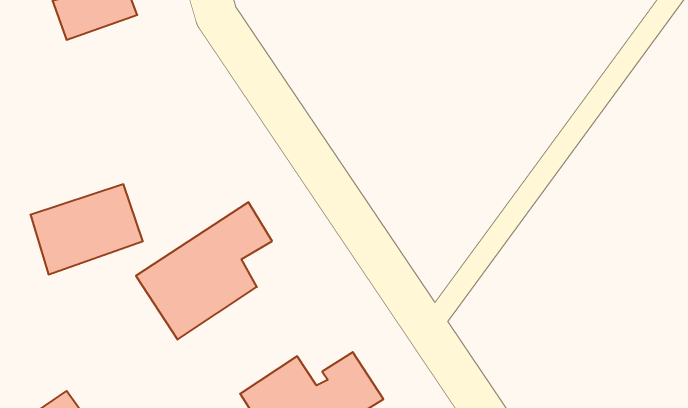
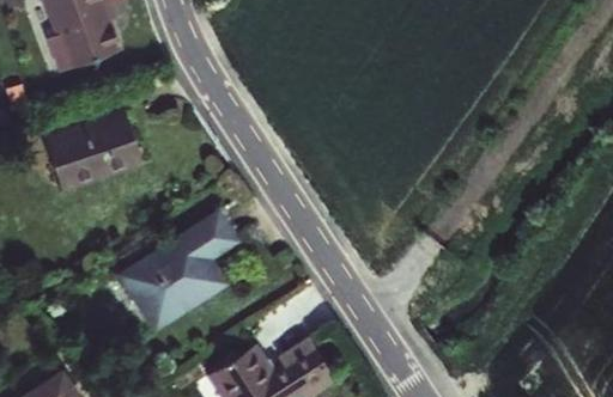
building: [30,184,143,274] -> [45,112,142,190]

